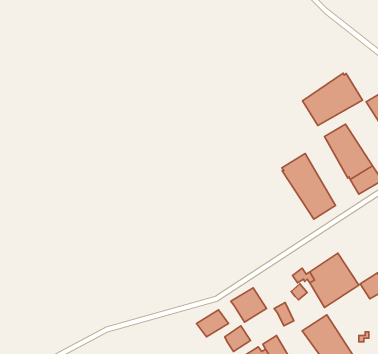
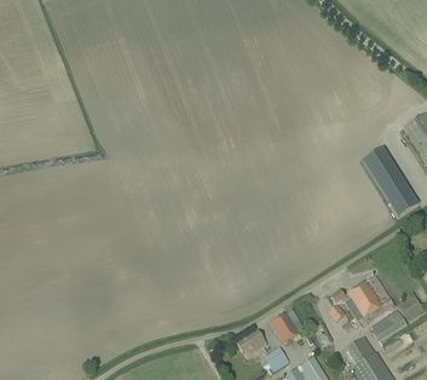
building: [302,73,362,125] -> none
building: [282,153,336,219] -> none
building: none -> [371,309,406,341]

